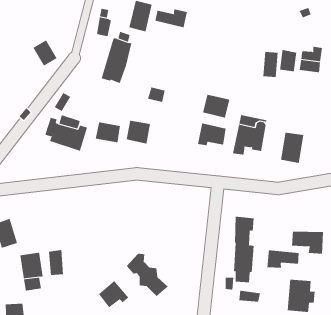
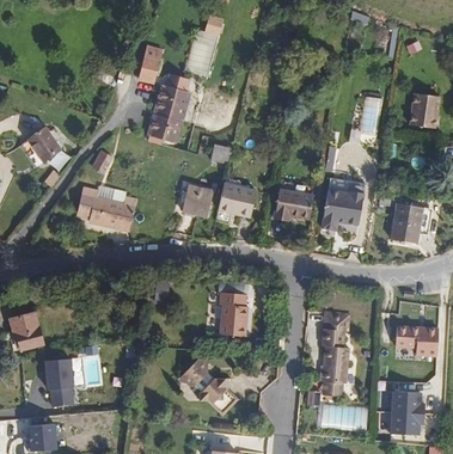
building: [155,9,188,28] -> none
building: [32,40,57,66] -> [29,129,61,164]
building: [280,49,297,72] -> none
building: [202,94,230,118] -> [219,184,255,215]
building: [95,122,121,143] -> none
building: none -> [218,293,247,337]
building: [267,250,299,269] -> none
building: [98,280,129,308] -> none

